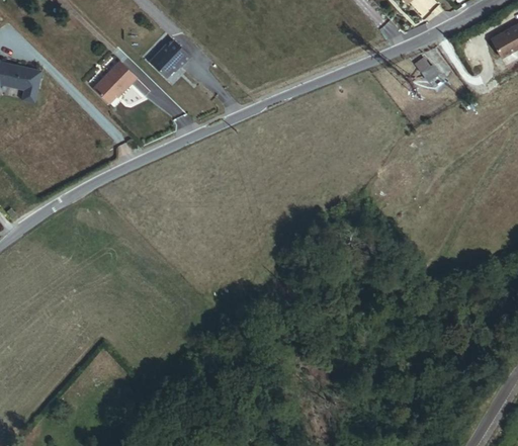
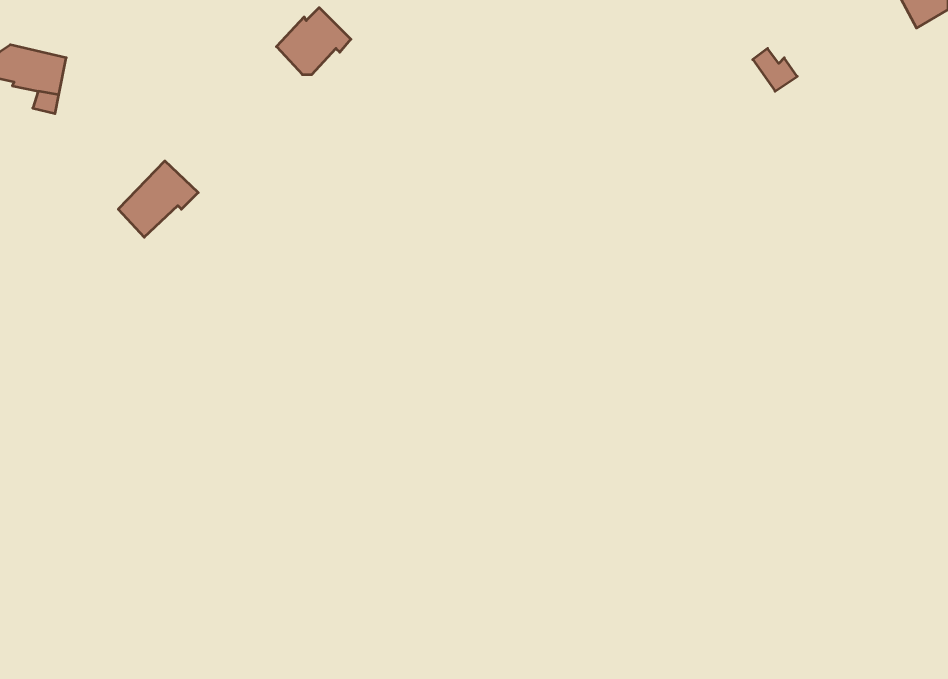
building: [96,65,140,106] -> [118,161,198,237]

